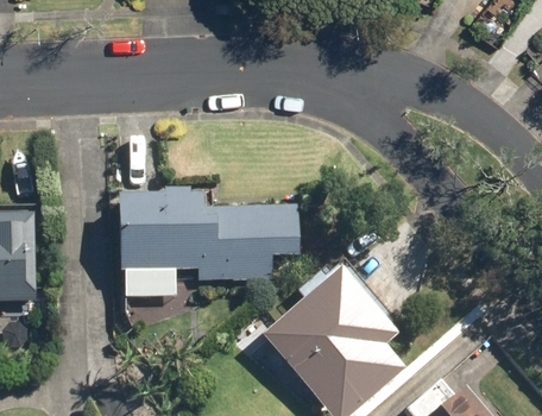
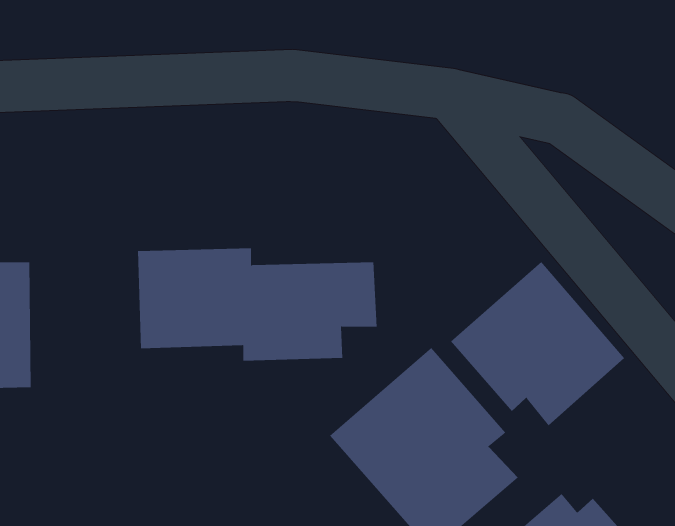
building: none -> [450,261,625,426]

